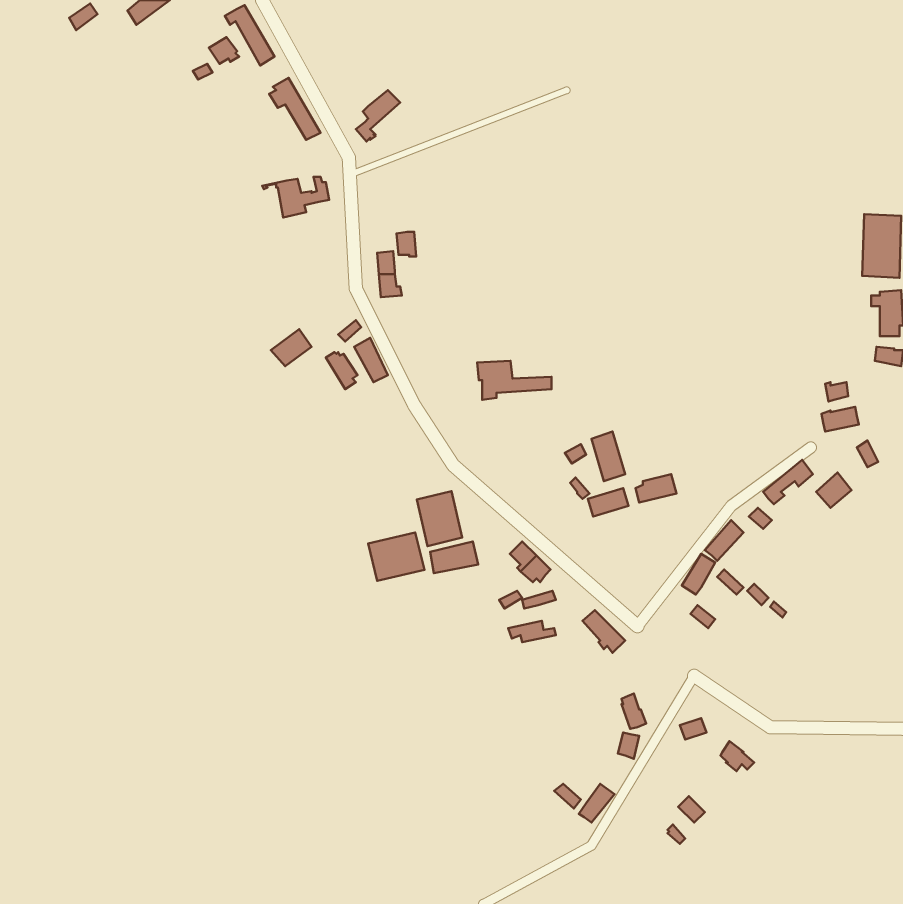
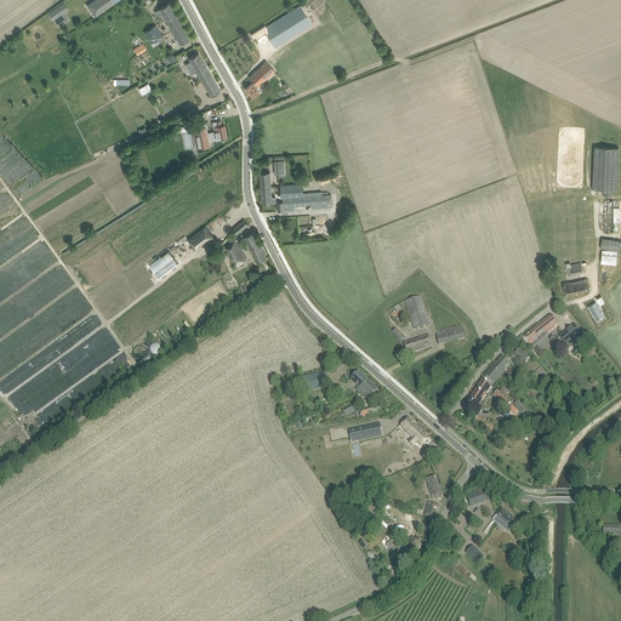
building: none -> [262,6,310,51]
building: [477,361,551,400] -> [279,184,330,211]
building: [417,491,462,546] -> none
building: [368,533,424,581] -> none

